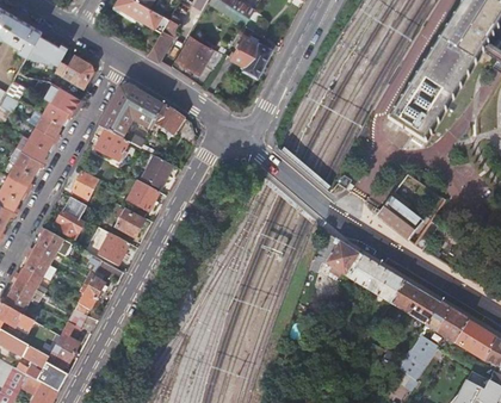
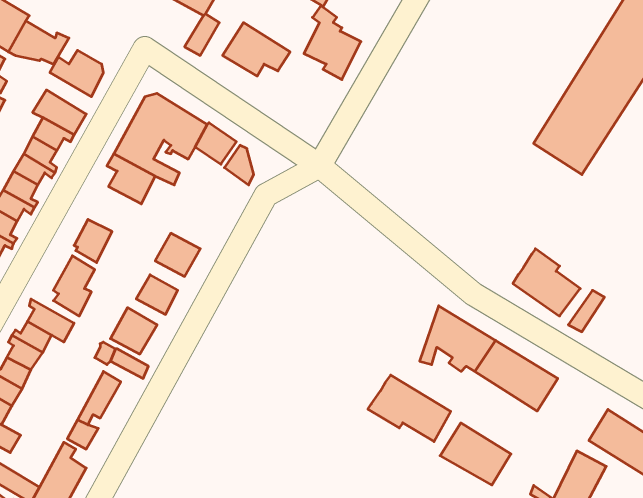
building: [142,155,173,187] -> none
building: none -> [368,375,451,442]
building: [391,280,440,323] -> [440,423,511,485]

